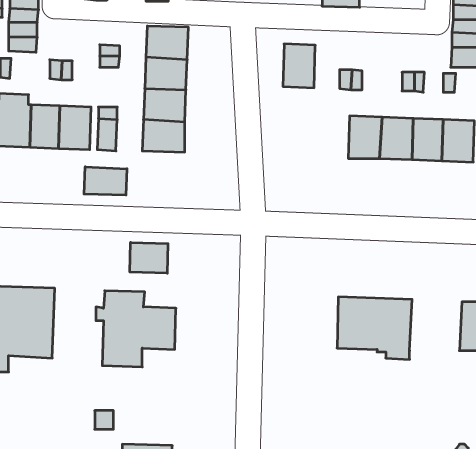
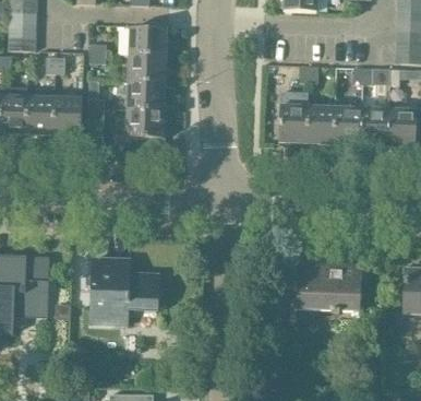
building: [283,44,315,88] -> [279,105,308,143]
building: [84,167,127,195] -> none
building: [130,242,168,273] -> none

